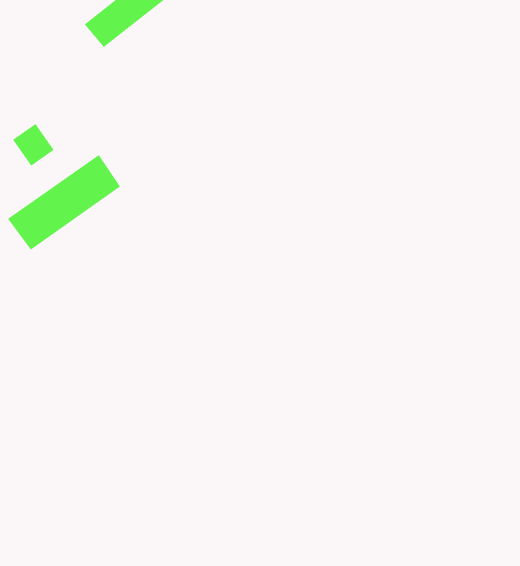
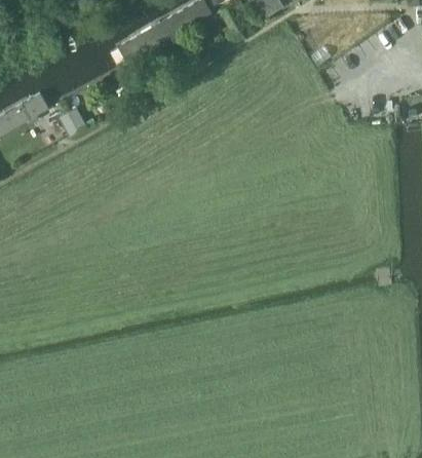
building: [7,154,121,251] -> none

